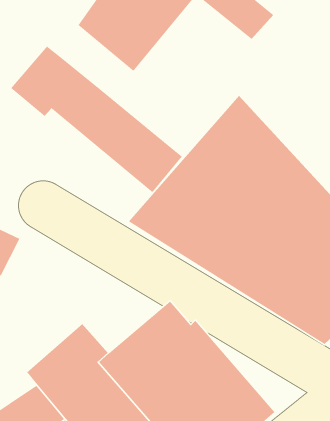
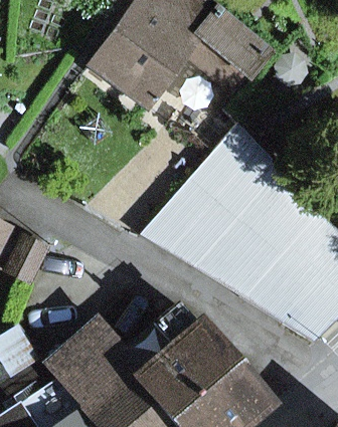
building: [10,45,183,193] -> none

